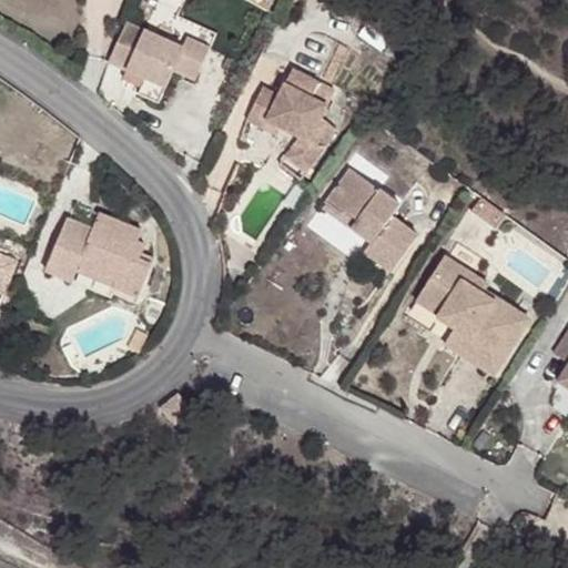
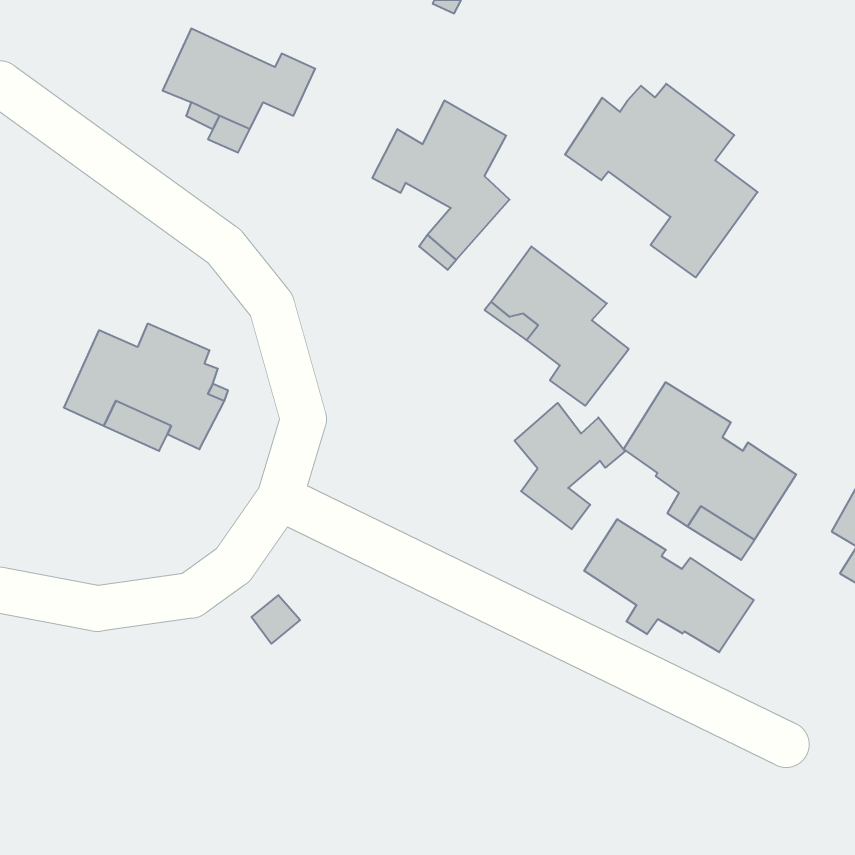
building: none -> [565,84,758,277]
building: none -> [515,403,625,529]
building: none -> [584,519,754,652]

